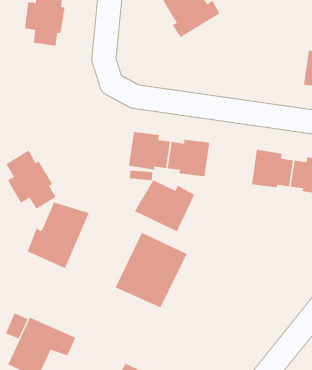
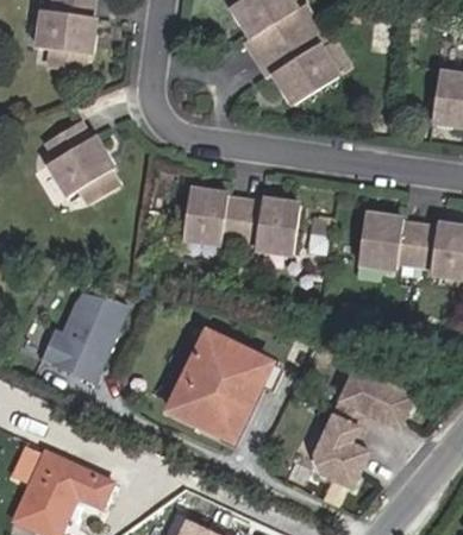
building: none -> [258,20,338,102]
building: [6,150,57,209] -> [46,120,119,204]
building: [134,180,195,232] -> none
building: none -> [309,366,408,485]

